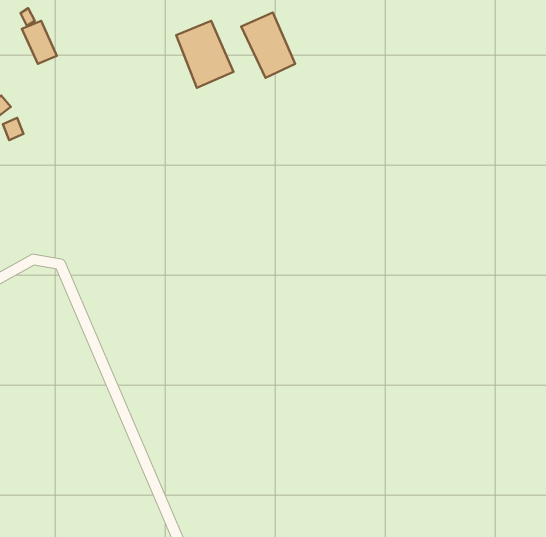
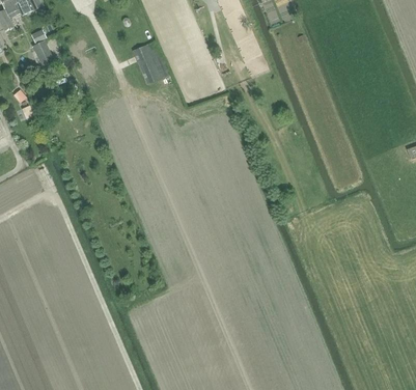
building: [241,13,295,78] -> none

